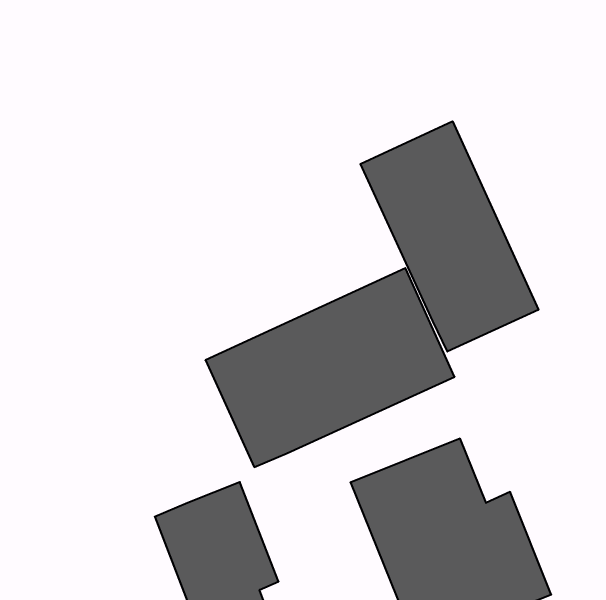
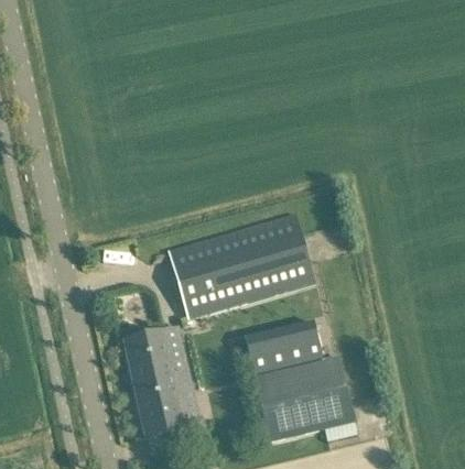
building: [360,121,538,352] -> none

